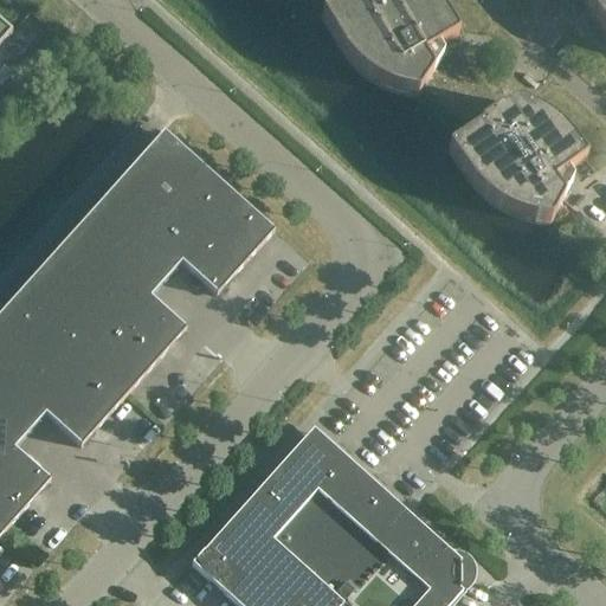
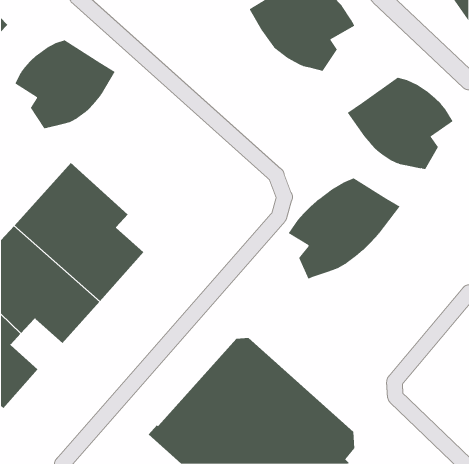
building: none -> [14,40,116,129]
building: [91,129,275,292] -> none
building: none -> [288,178,400,279]

